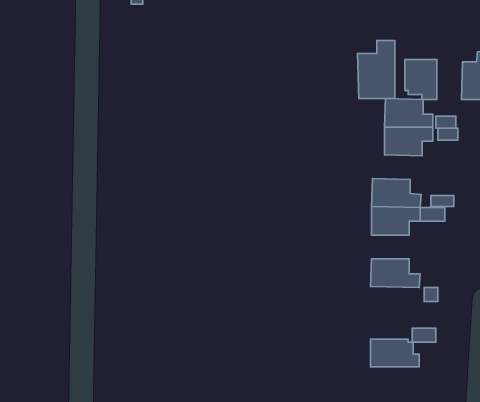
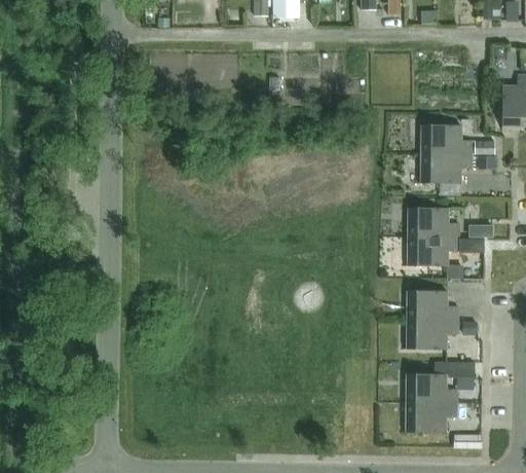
building: [358,41,395,98] -> none
building: [405,60,437,99] -> none
building: none -> [407,319,457,349]
building: none -> [406,402,457,432]

